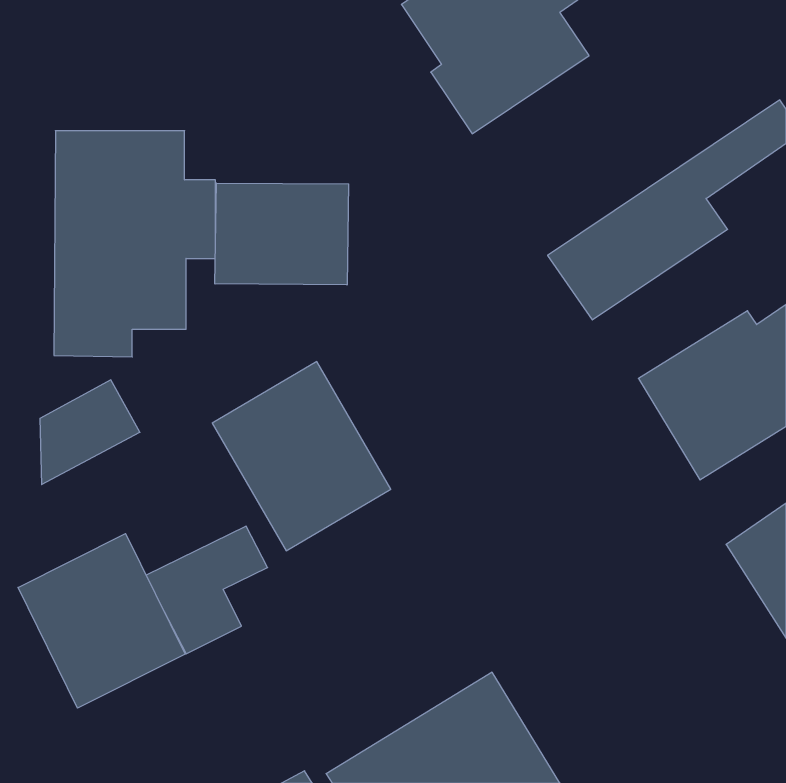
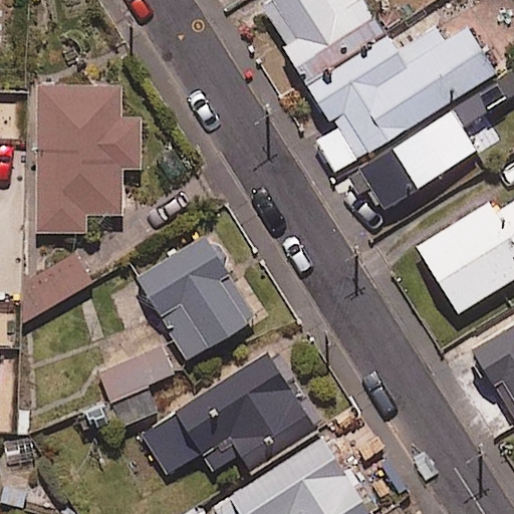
building: none -> [308,26,509,174]
building: [215,183,349,285] -> none
building: [18,534,185,708] -> none
building: none -> [142,348,322,476]

